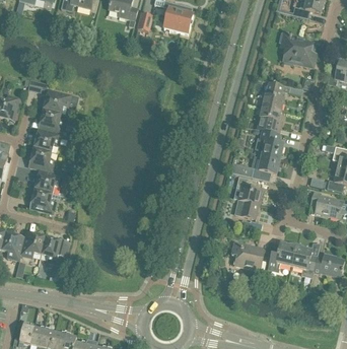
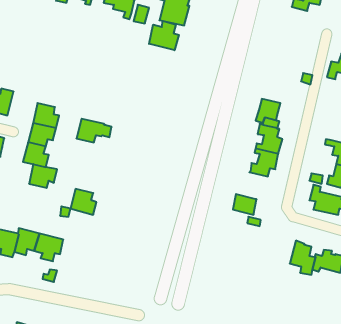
building: none -> [149,21,179,50]
building: [280,31,316,66] -> none
building: [263,80,289,108] -> none
building: [43,88,77,112] -> [76,119,112,142]
building: [233,174,261,202] -> none
building: [29,187,55,212] -> [70,189,96,215]
building: [231,240,263,269] -> none
building: [267,241,296,269] -> none

